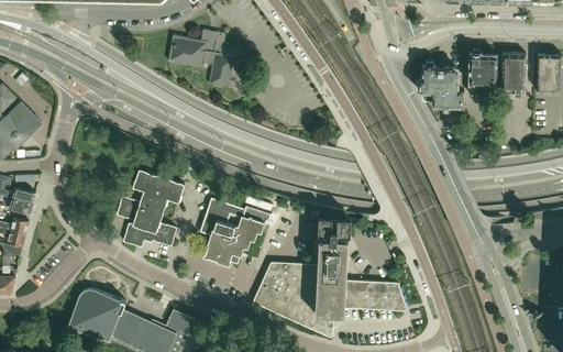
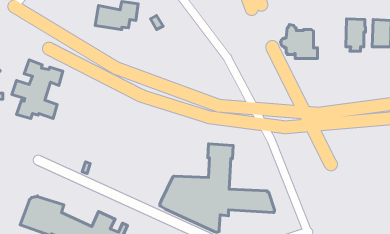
building: [468,50,497,95] -> none
building: [208,54,233,88] -> none
building: [115,168,184,246] -> [12,60,63,118]
building: [199,198,271,264] -> none

